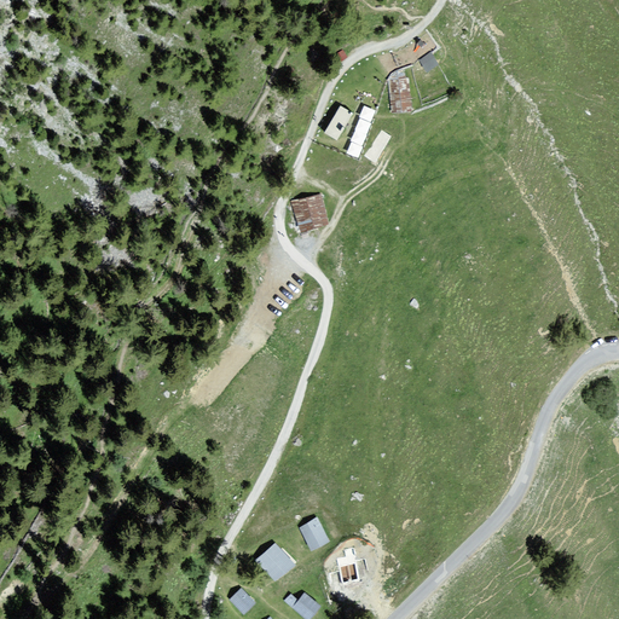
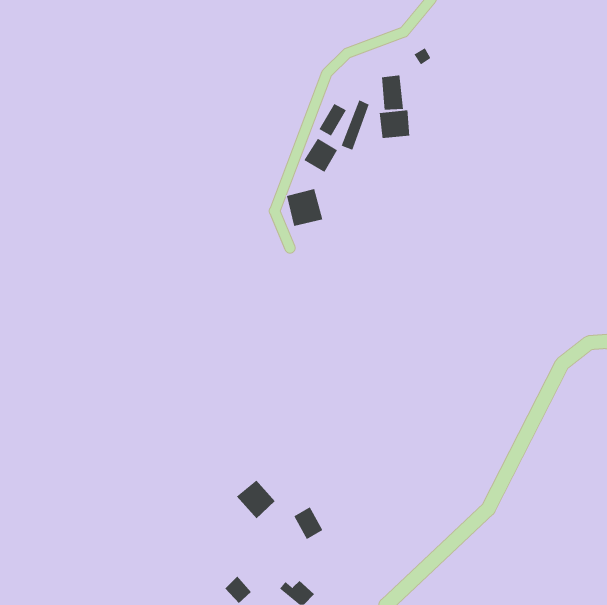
building: none -> [379,110,410,139]
building: none -> [304,138,338,173]
building: [255,542,295,582] -> [236,480,276,519]

